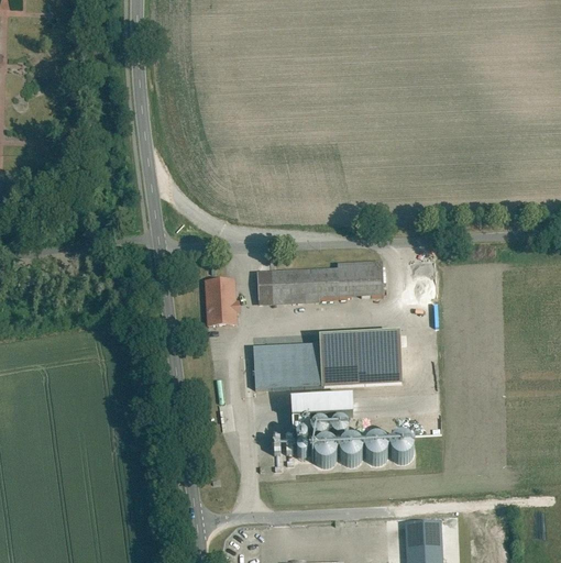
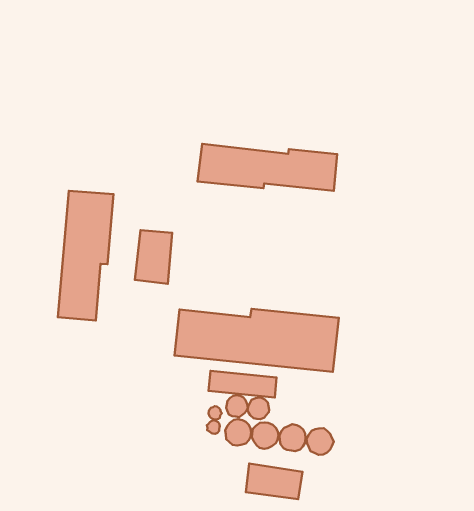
building: none -> [58,191,114,320]
building: [256,260,384,305] -> [197,144,337,191]
building: none -> [246,463,303,499]

